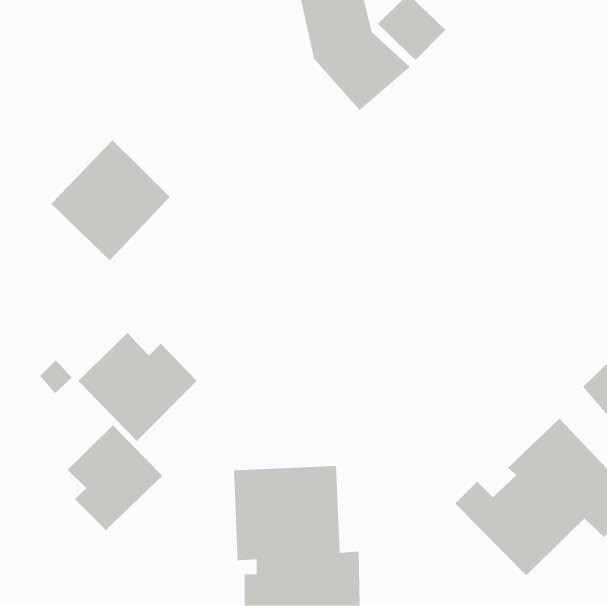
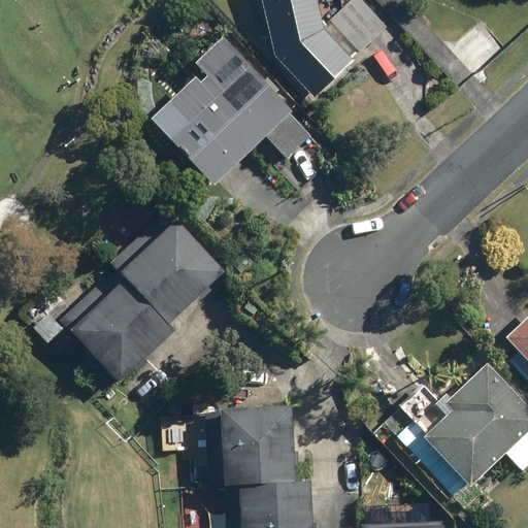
building: none -> [166,34,314,184]
building: [50,140,171,261] -> [119,218,223,323]
building: [67,424,163,531] -> none

